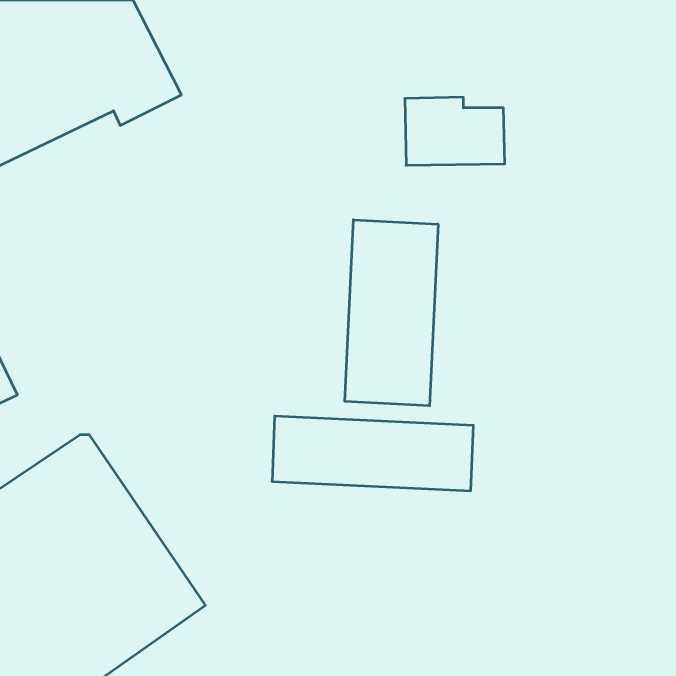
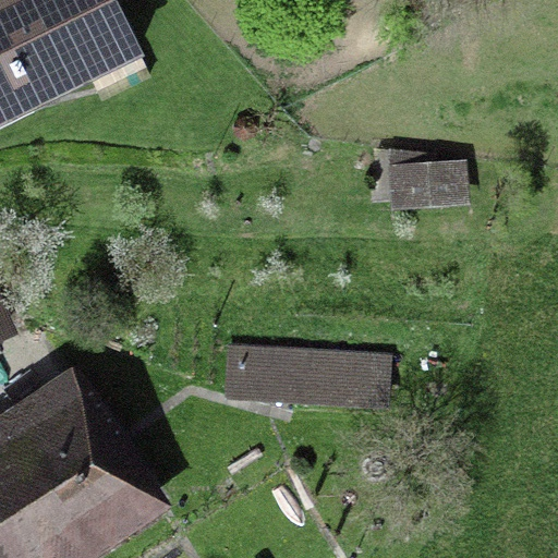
building: [405,97,505,165] -> [385,150,466,206]
building: [345,220,438,406] -> none

